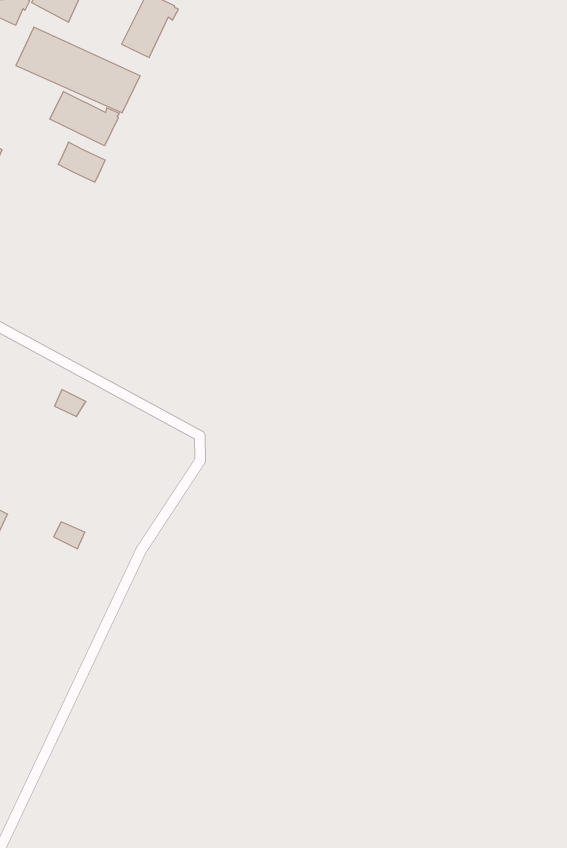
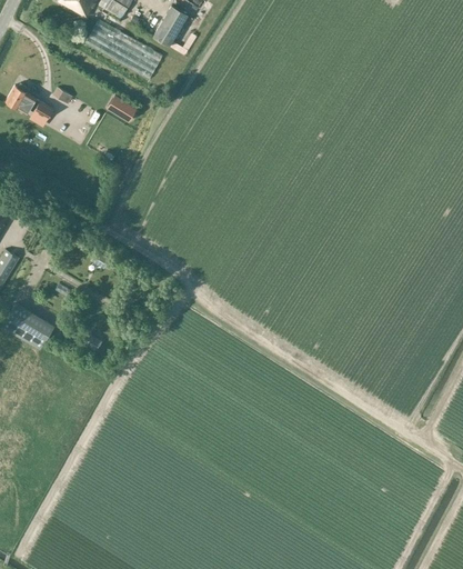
building: [50,91,119,146] -> none

